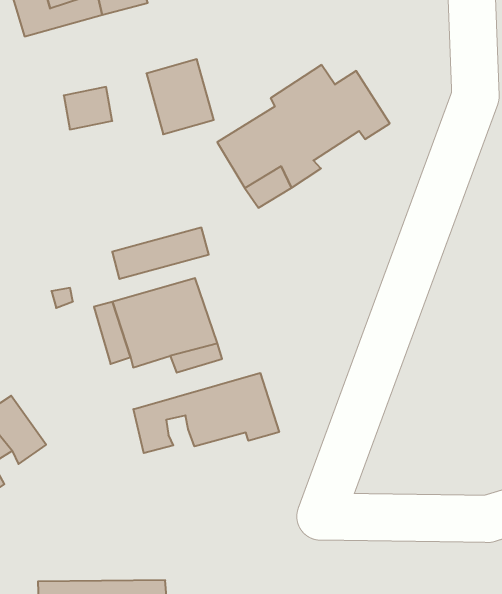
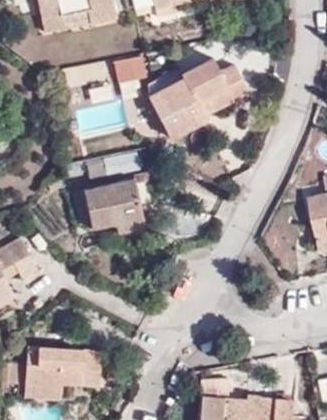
building: [133,373,279,453] -> none

